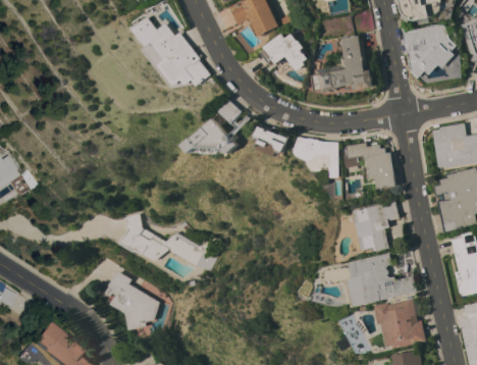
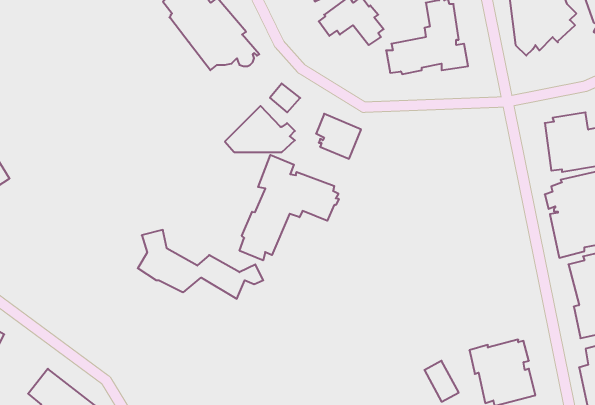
building: [295,137,339,177] -> none
building: [343,142,395,189] -> none
building: none -> [240,155,339,260]
building: [352,201,399,251] -> none
building: [321,253,416,308] -> none
building: [104,270,158,330] -> none

